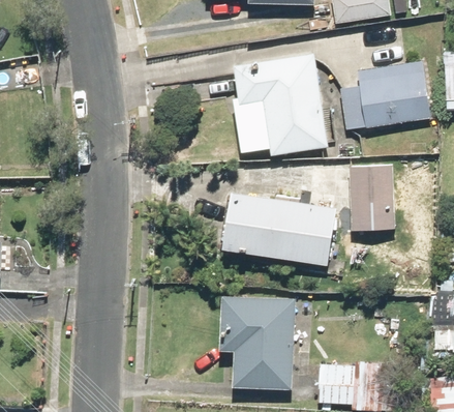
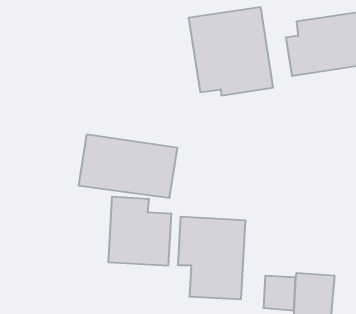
building: [349,163,396,233] -> none
building: [220,192,335,265] -> [79,135,178,198]
building: none -> [108,197,171,266]

